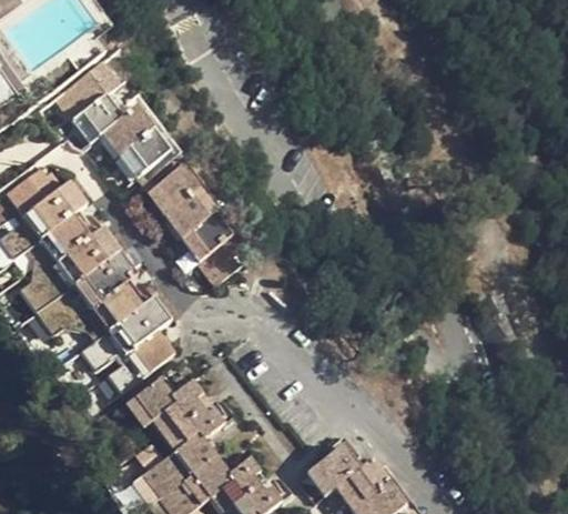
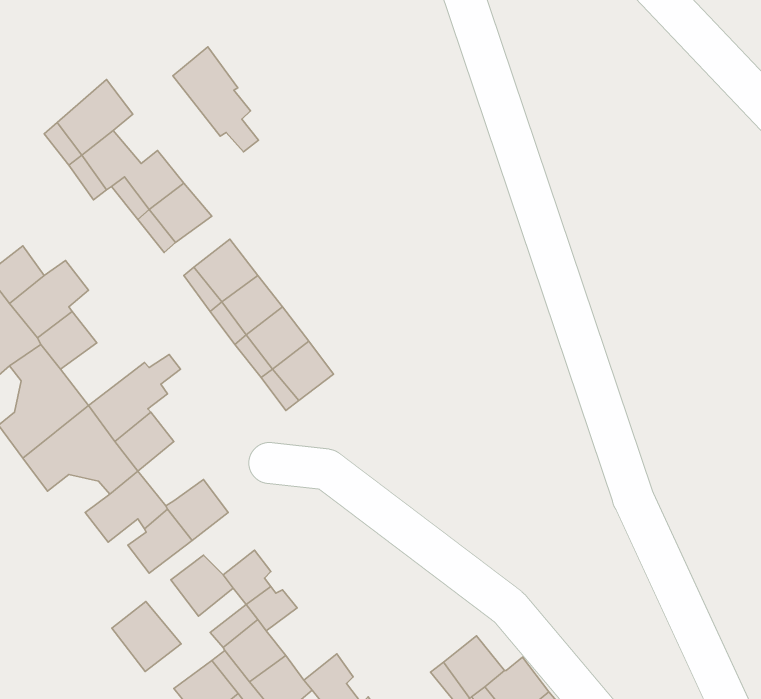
building: none -> [173,47,259,152]
building: [63,233,120,283] -> none
building: [115,301,172,351] -> none
building: none -> [112,602,181,672]

